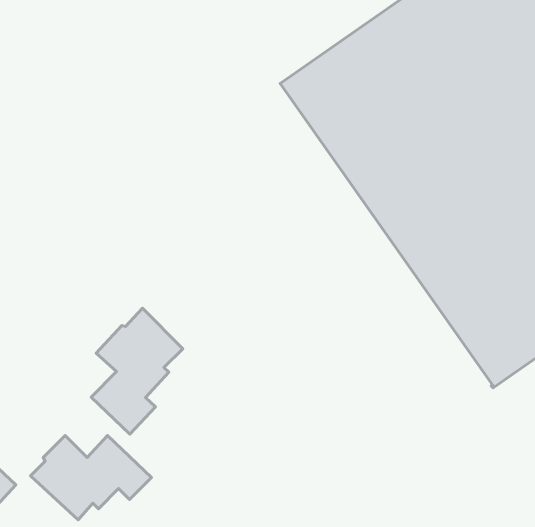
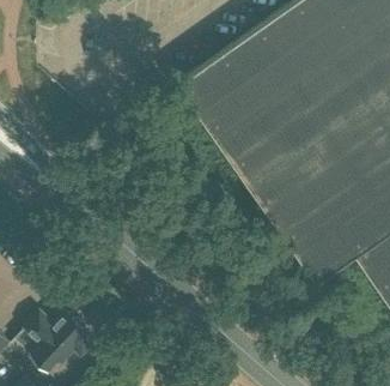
building: [91,308,183,434] -> none

